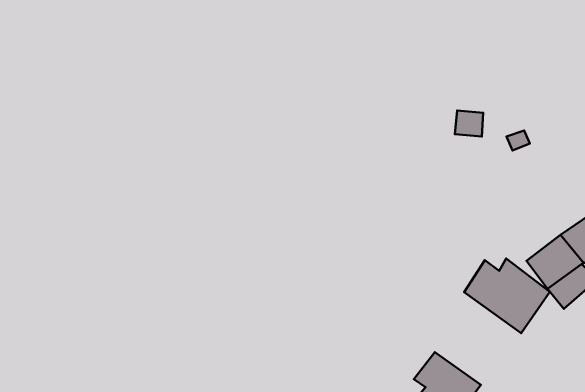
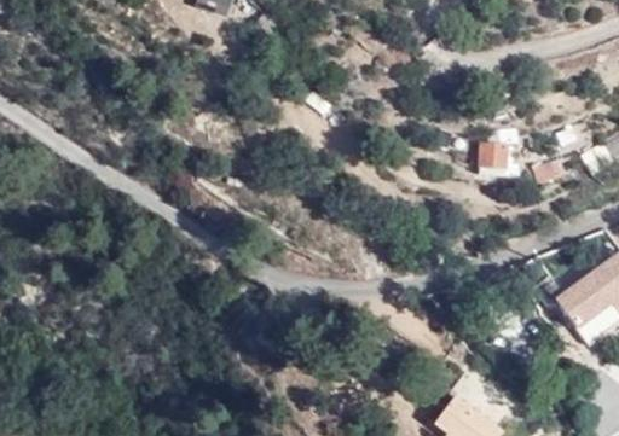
building: [464,259,550,333] -> none

